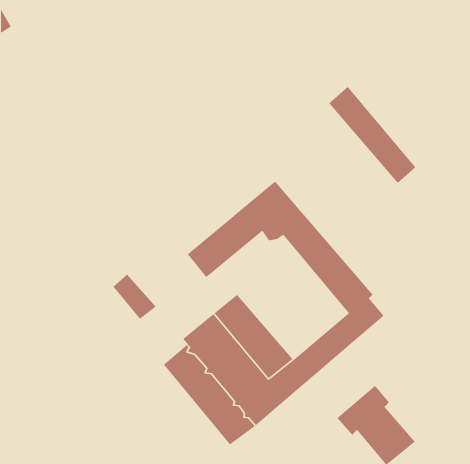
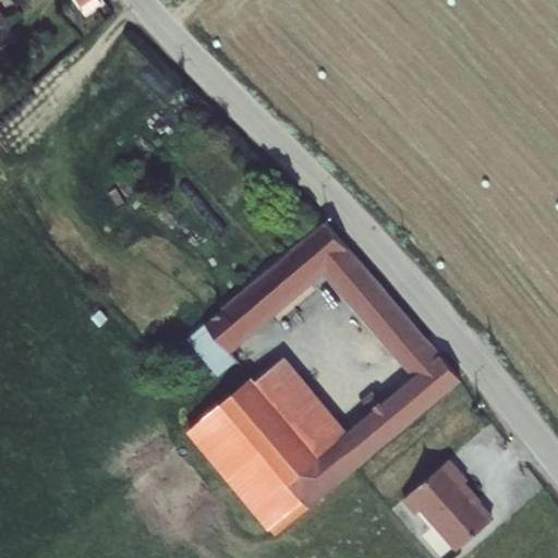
building: [328,86,416,184] -> none
building: [112,274,157,320] -> [187,322,240,376]

